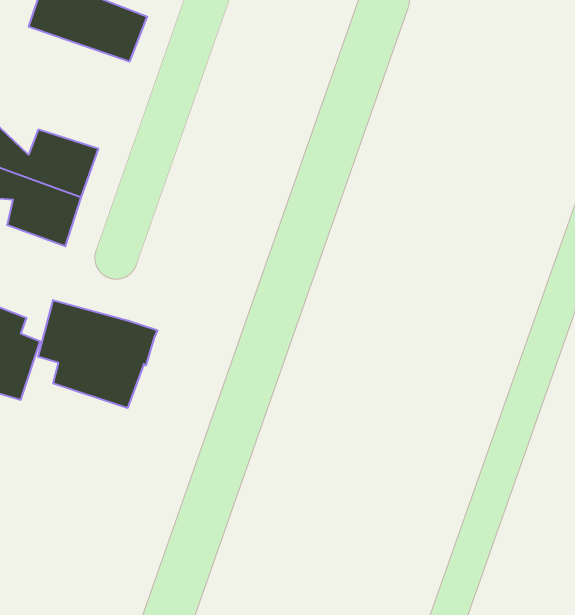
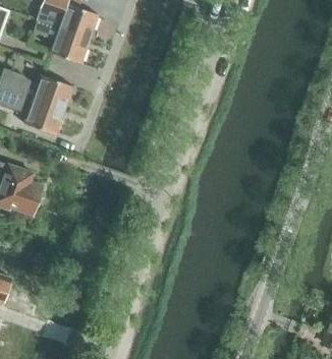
building: none -> [32,20,89,63]
building: [38,300,157,408] -> none

